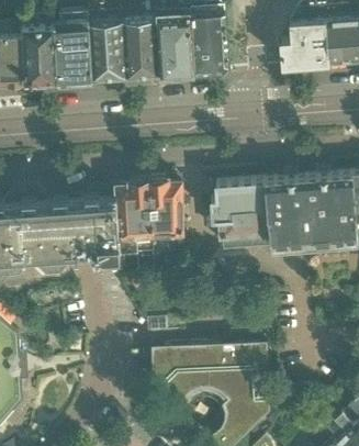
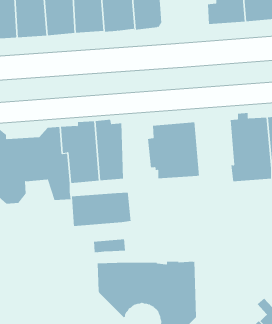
building: [267,174,312,256] -> none
building: none -> [71,192,131,227]

